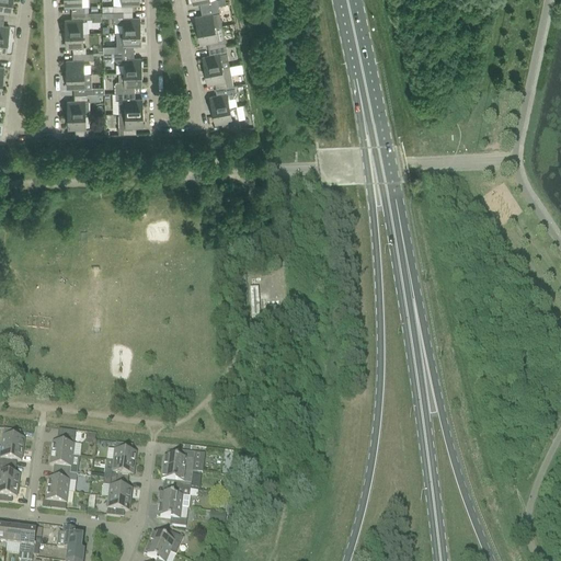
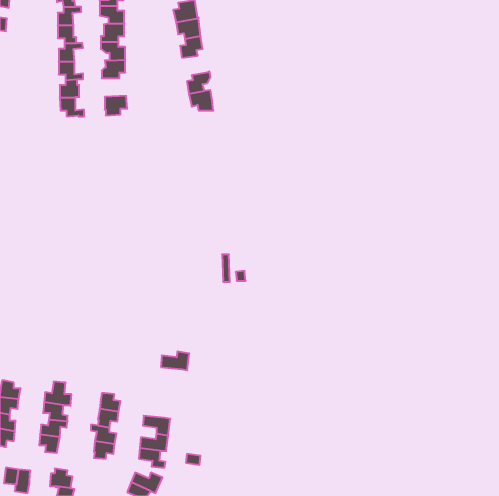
building: [204,60,232,84] -> none
building: [114,88,141,108] -> none
building: [161,448,193,469] -> [161,351,189,370]

